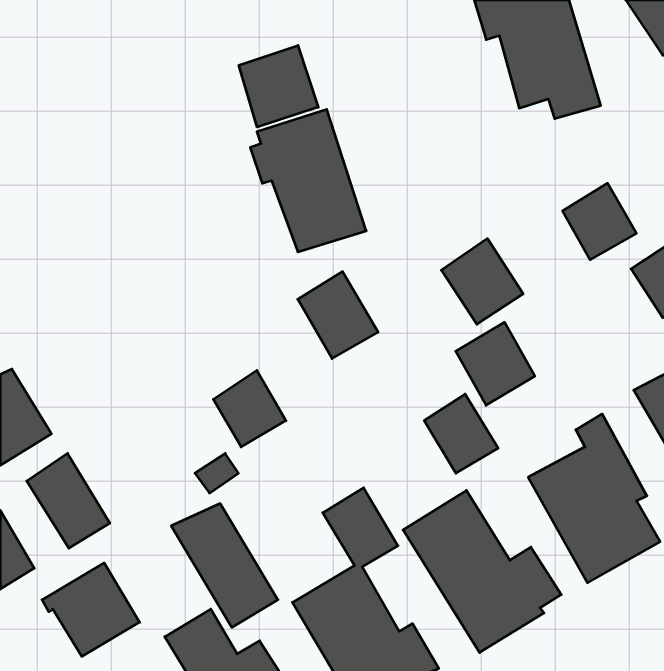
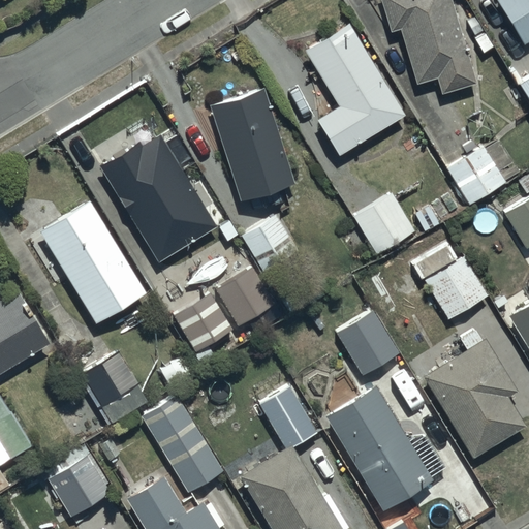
building: none -> [303,21,406,157]
building: [239,45,318,127] -> none
building: none -> [97,135,219,263]
building: none -> [37,199,145,323]
building: [456,322,535,405] -> [426,255,488,320]
building: none -> [215,266,271,326]
building: [27,453,110,548] -> [81,347,146,422]

